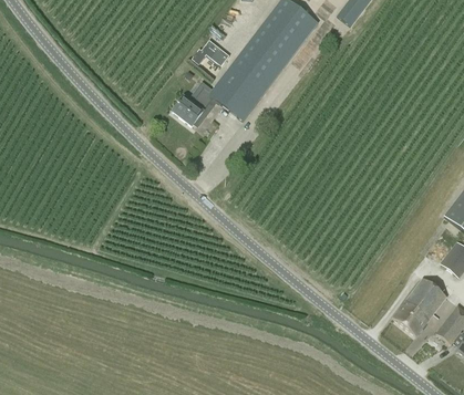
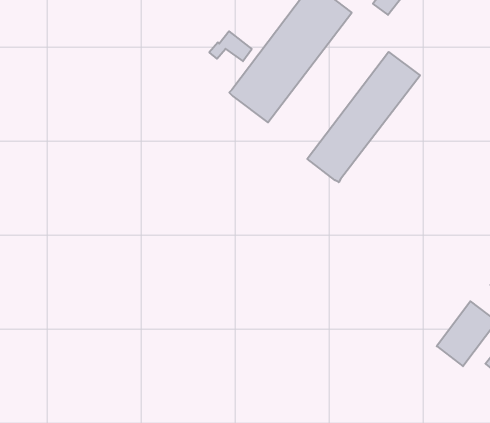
building: none -> [307,52,420,182]
building: [173,86,213,125] -> none

